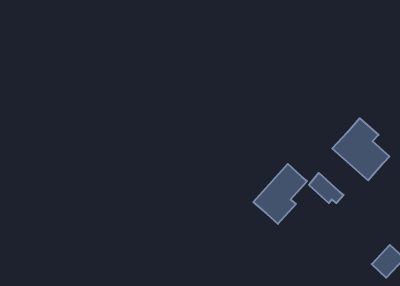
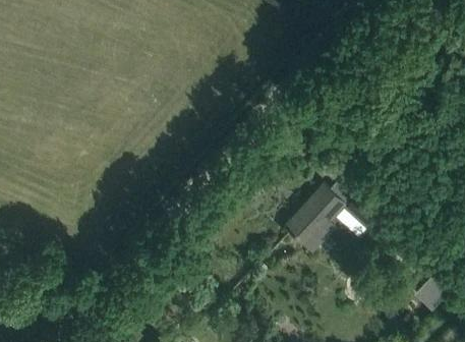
building: [332,118,389,180] -> none

